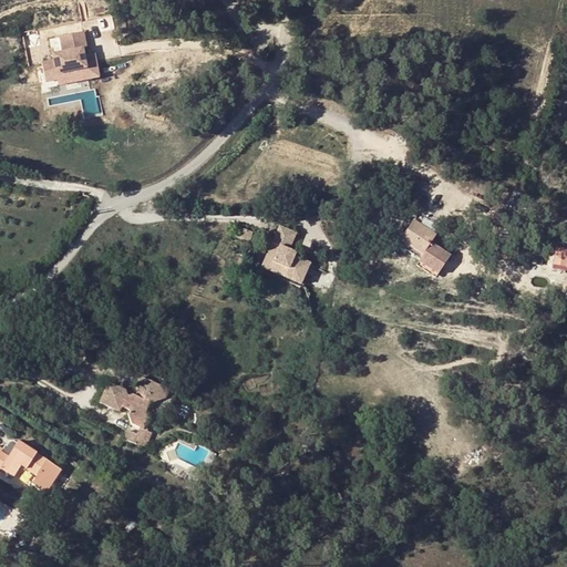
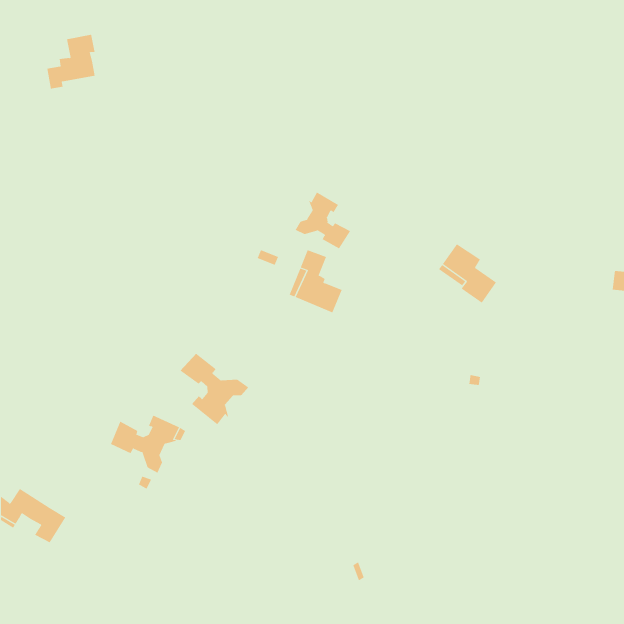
building: none -> [295,191,351,249]
building: none -> [179,353,249,425]

